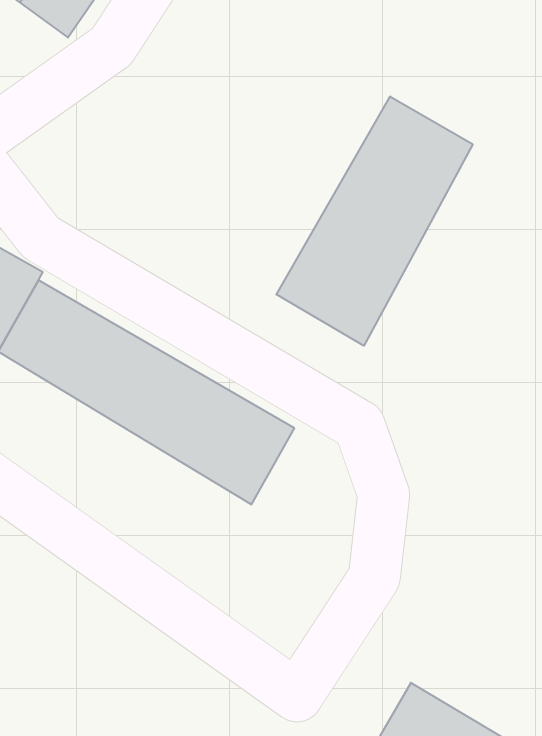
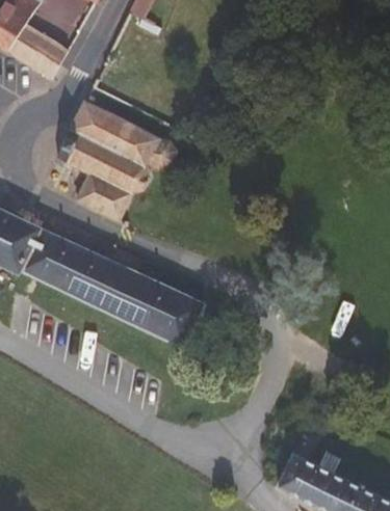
building: none -> [64,99,178,222]
building: [276,96,473,346] -> none

